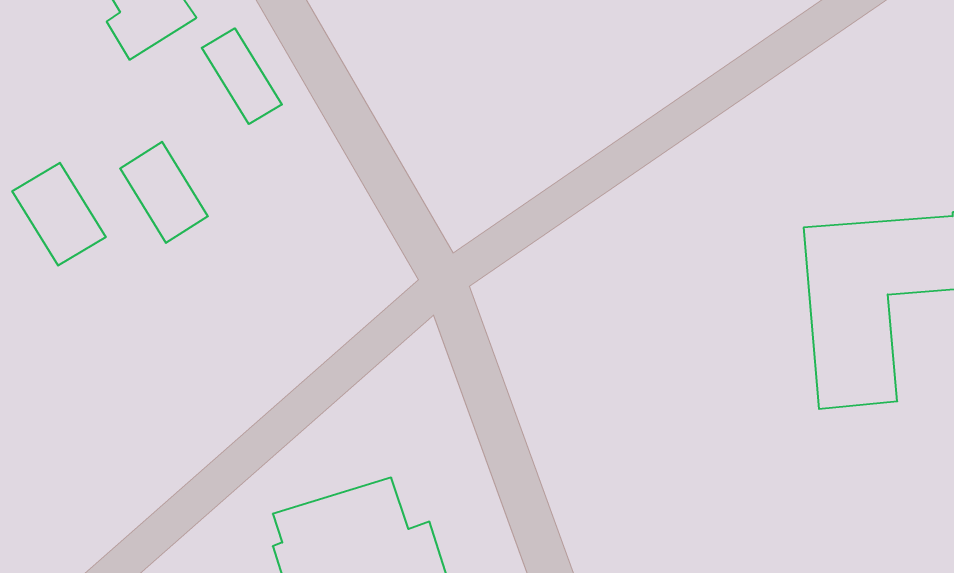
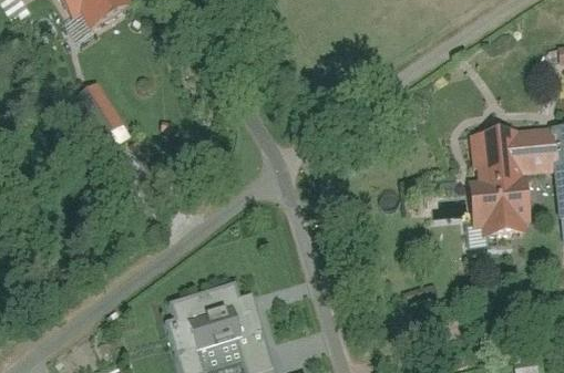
building: [202,28,282,124] -> none
building: [12,163,106,266] -> none

